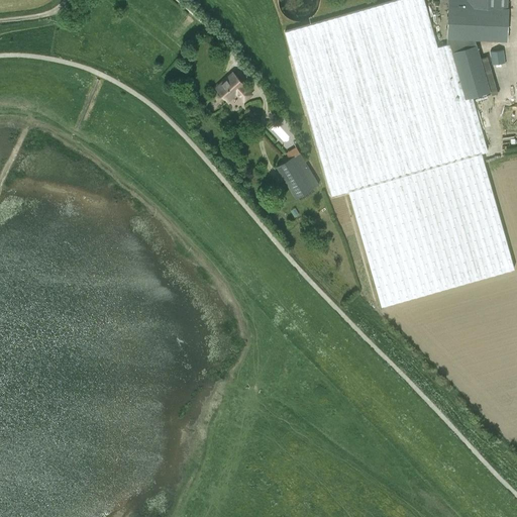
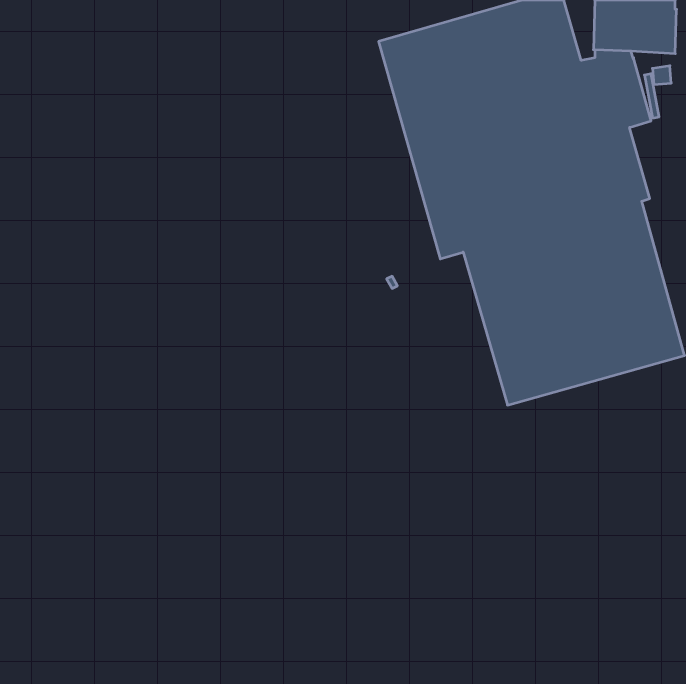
building: [216,74,250,101] -> none
building: [276,151,319,199] -> none

